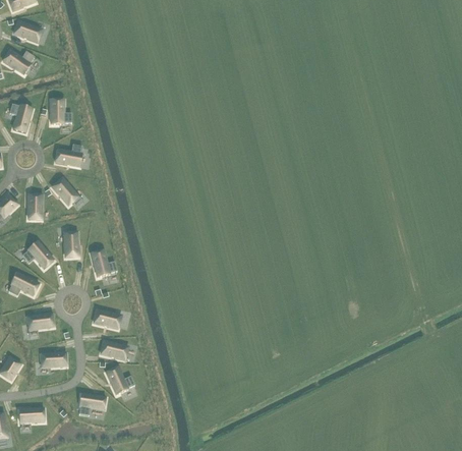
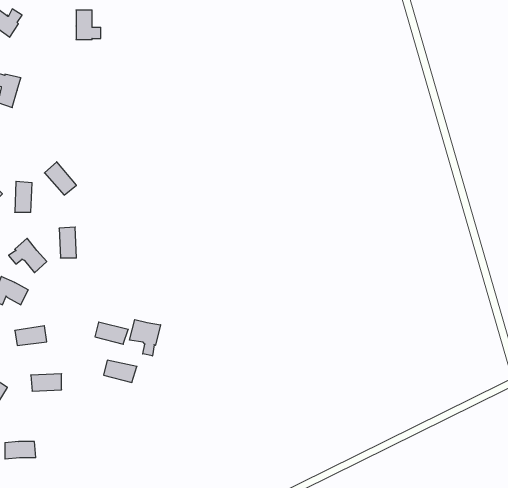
building: [50,100,70,124] -> [76,10,101,40]
building: [54,146,80,167] -> none
building: [90,250,115,278] -> none
building: none -> [130,320,161,356]
building: [105,367,133,395] -> none
building: [78,394,105,415] -> none

